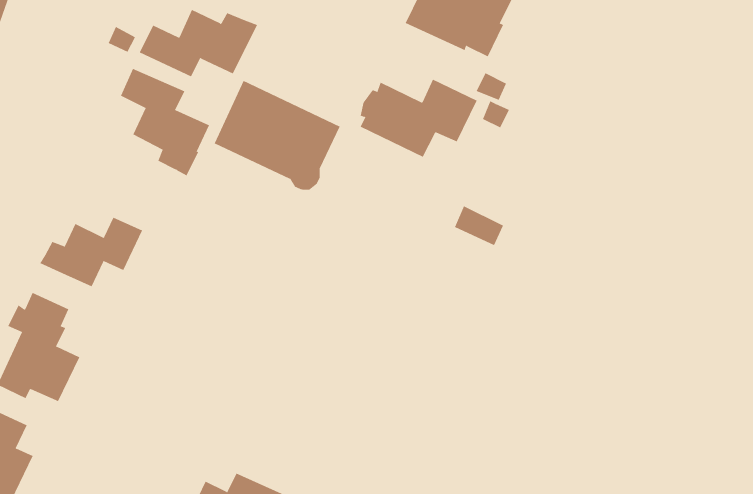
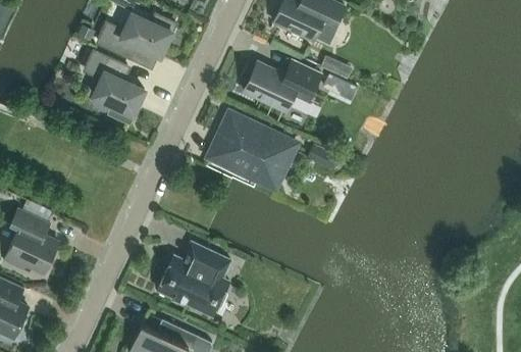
building: [214,80,341,190] -> [211,114,295,187]
building: [39,217,143,287] -> none
building: none -> [157,242,230,316]

